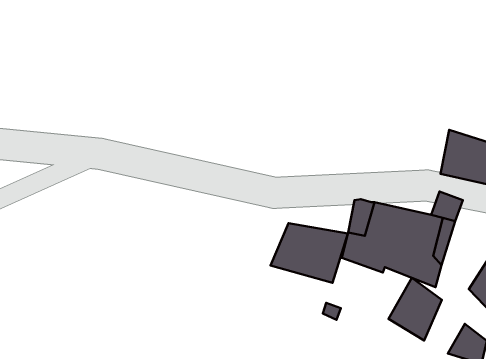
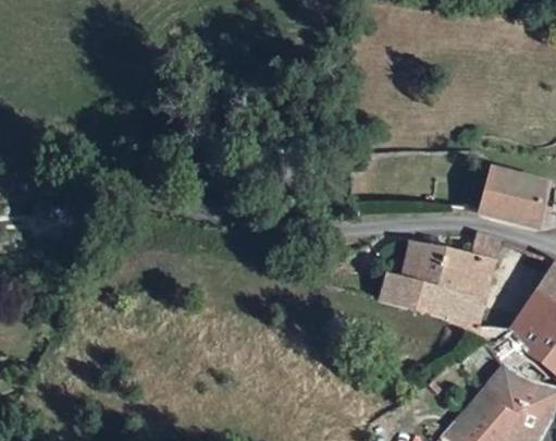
building: [271,223,348,283] -> none
building: [389,278,442,340] -> none

